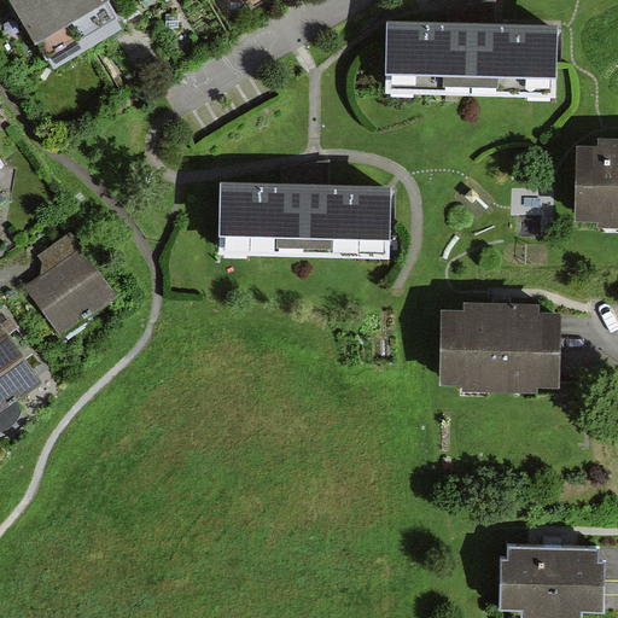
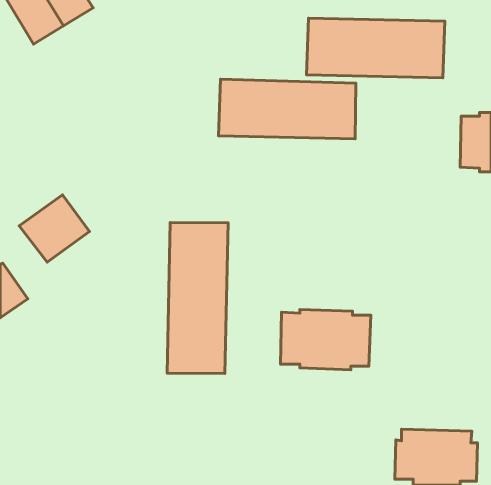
building: [218,183,391,258] -> [219,79,356,139]
building: none -> [167,222,228,373]
building: [442,305,555,381] -> [281,309,371,370]

